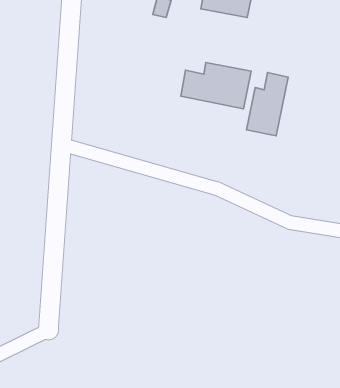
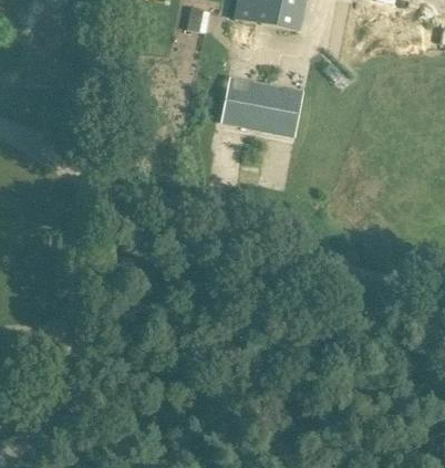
building: [246,73,288,136] -> none

